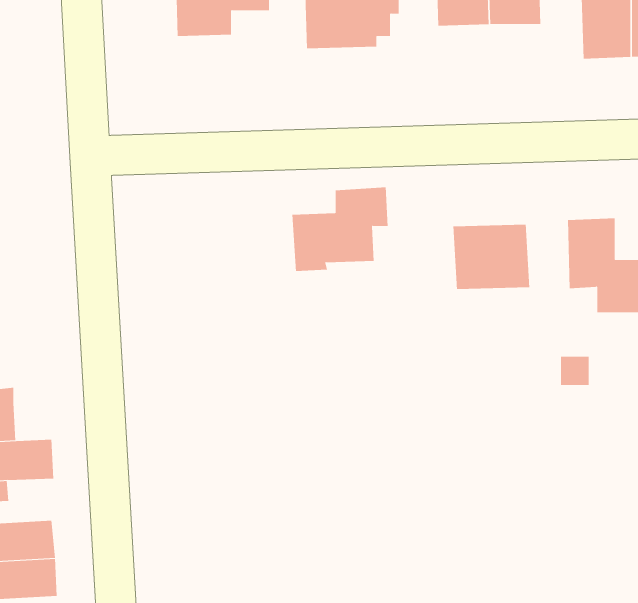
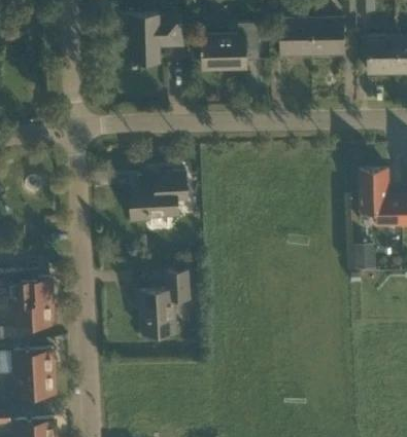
building: [292,187,388,271] -> [130,172,188,222]
building: [453,224,530,290] -> none
building: none -> [30,270,53,302]
building: none -> [136,271,191,334]

